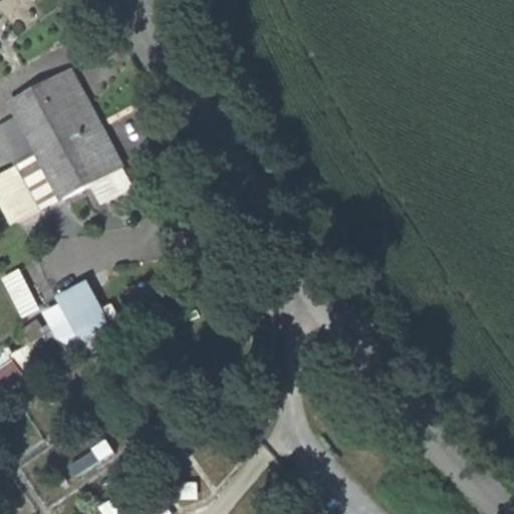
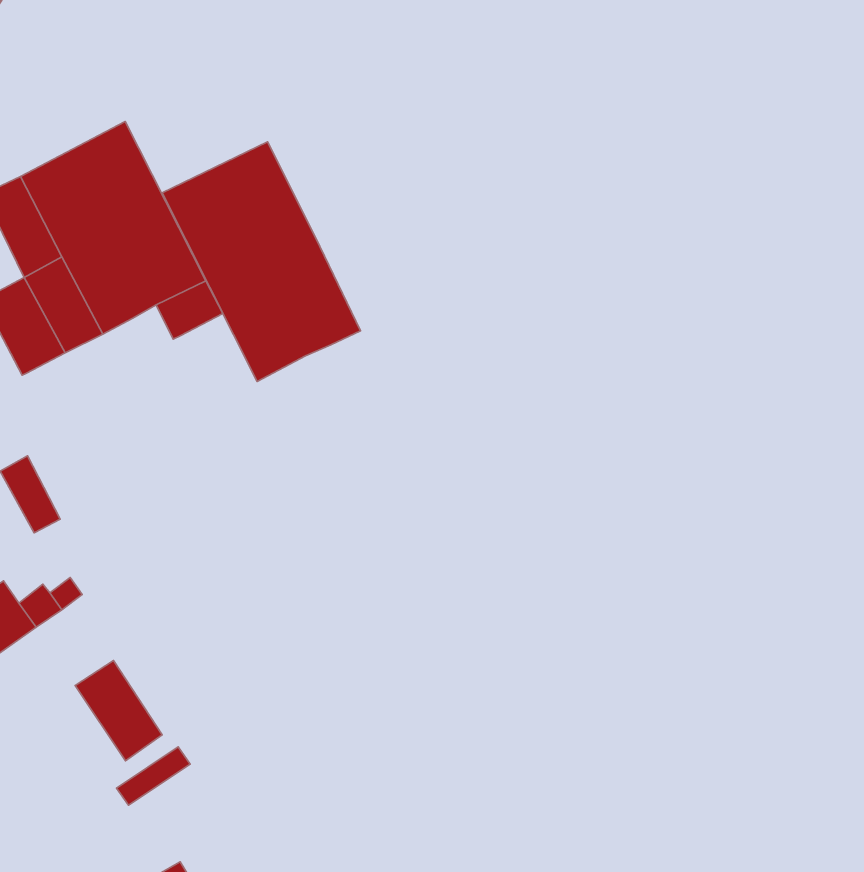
building: none -> [162,142,360,382]
building: [44,280,107,344] -> none
building: none -> [75,660,162,761]

